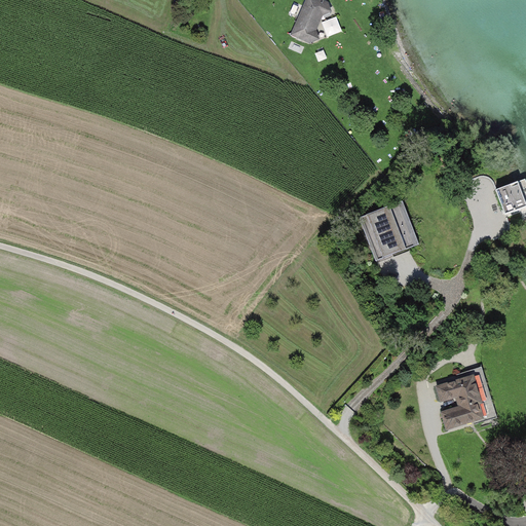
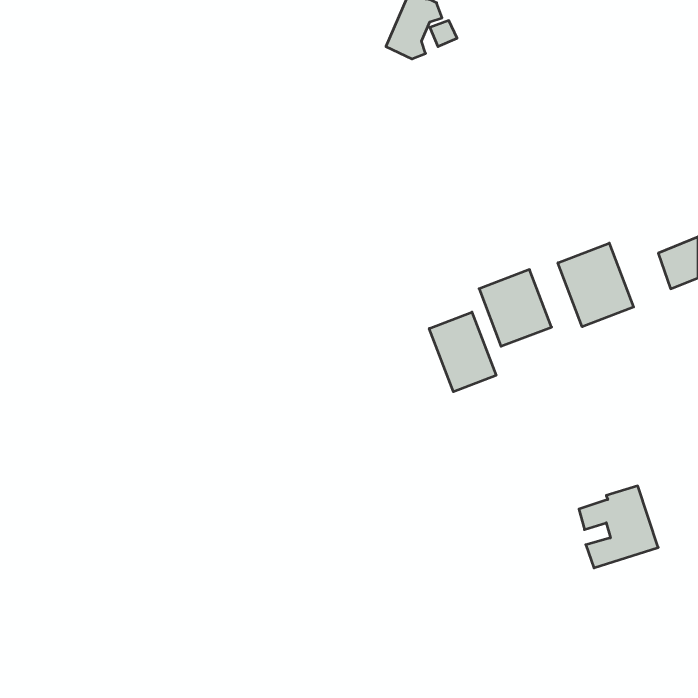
building: none -> [558,243,634,327]
building: none -> [429,312,496,392]

